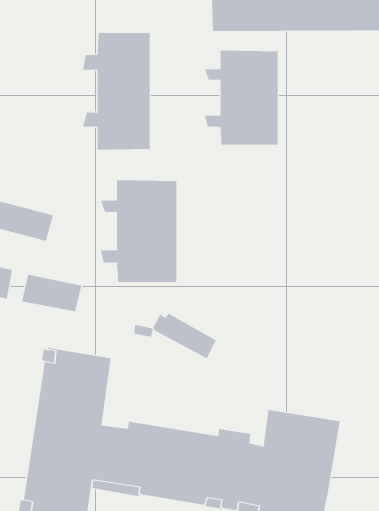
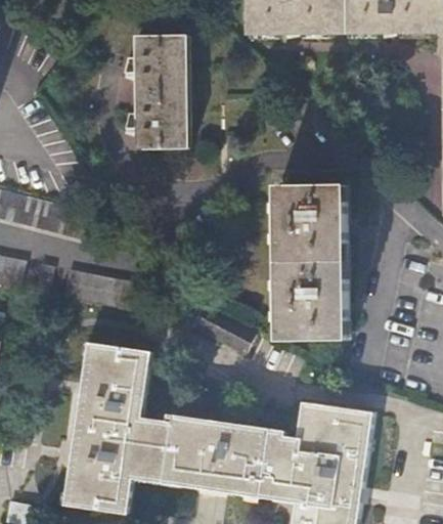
building: [204,50,278,146] -> none
building: [100,179,177,283] -> none
building: none -> [274,184,345,341]

